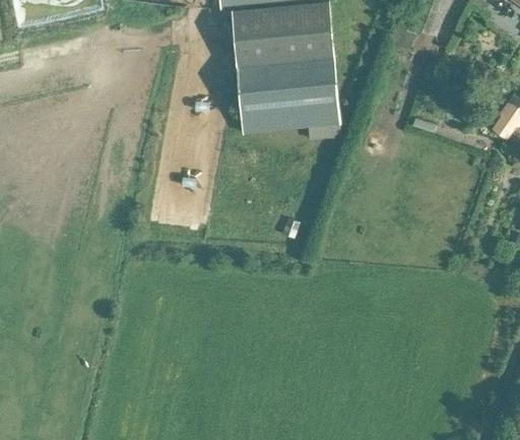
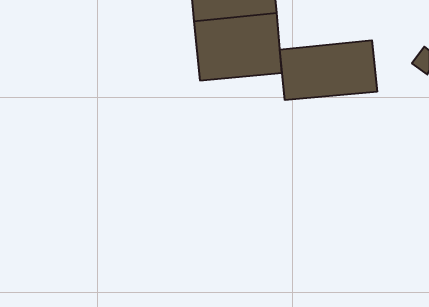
building: none -> [280,40,377,100]

